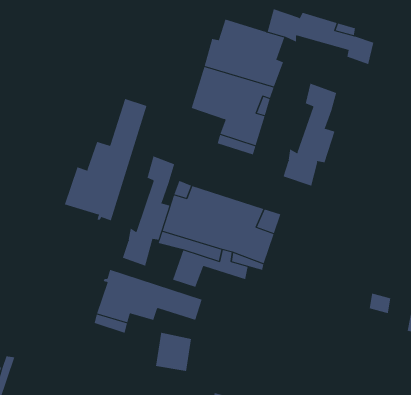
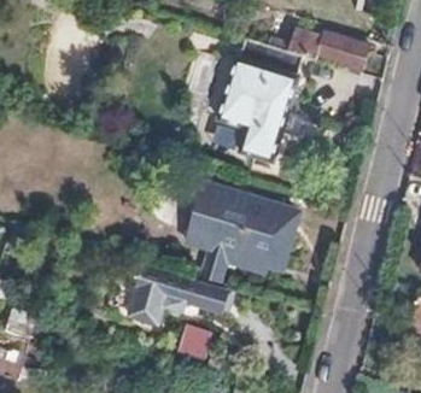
building: [283,83,337,186] -> none
building: [64,98,147,221] -> none
building: [122,155,175,266] -> none

